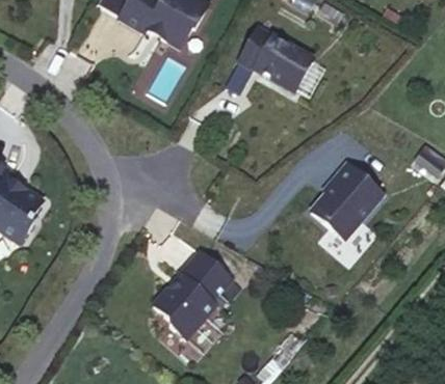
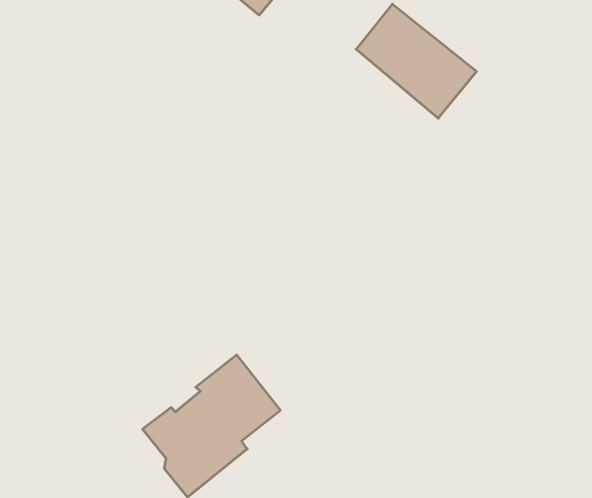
building: [311,163,384,240] -> none

